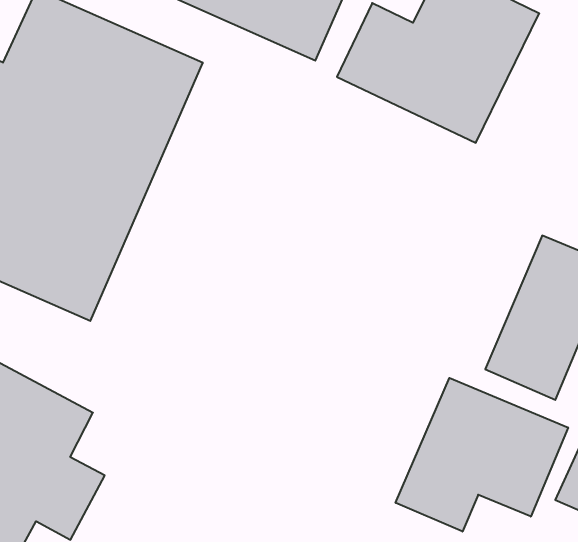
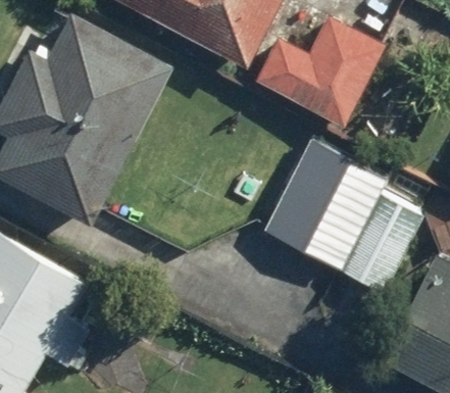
building: none -> [262,131,394,275]
building: [396,378,568,532] -> none

